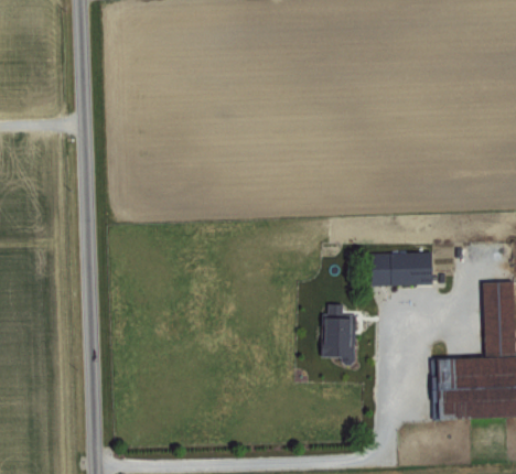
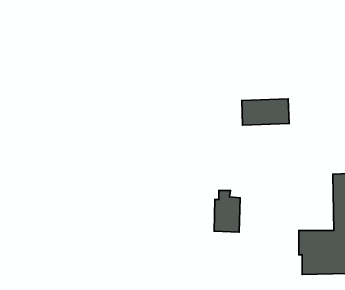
building: [370,251,434,287] -> [242,99,289,125]

